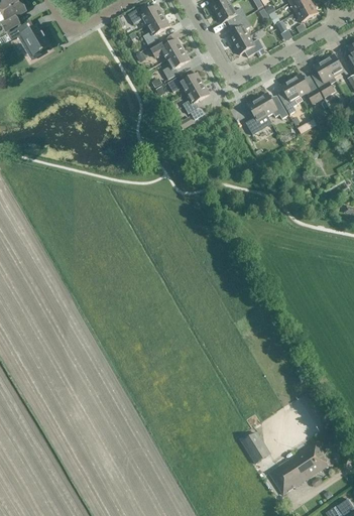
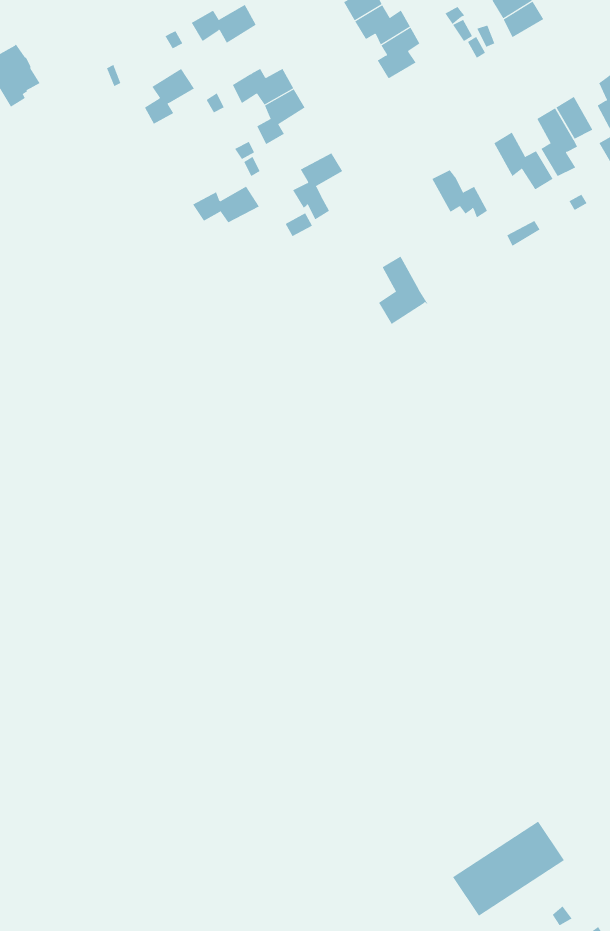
building: [143,15,170,45] -> [144,68,195,124]
building: [234,35,264,56] -> none
building: [167,73,204,93] -> [192,186,260,223]
building: [280,79,301,114] -> none
building: [245,98,272,135] -> [378,256,429,325]
building: [241,432,270,464] -> none

